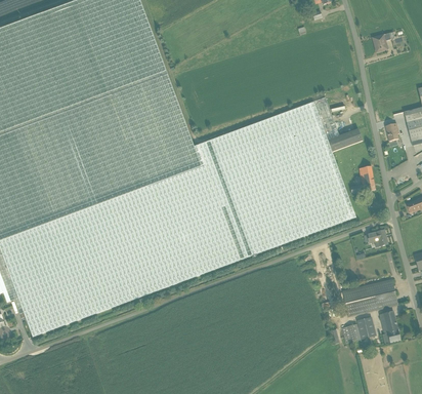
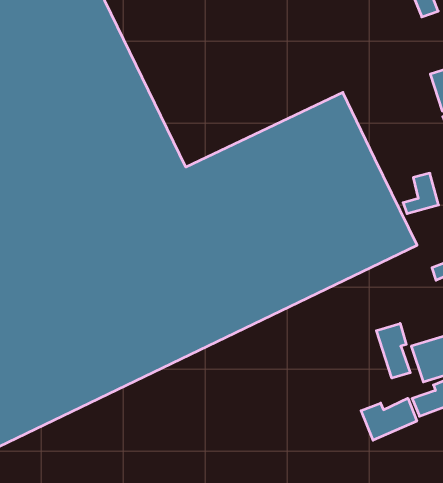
building: none -> [376,323,410,378]
building: none -> [361,398,417,440]

